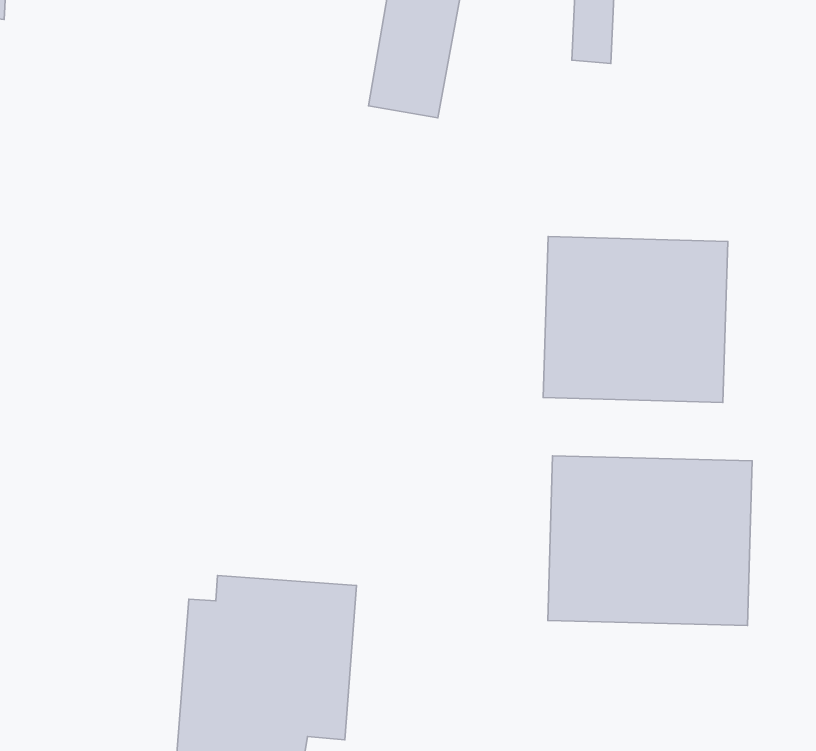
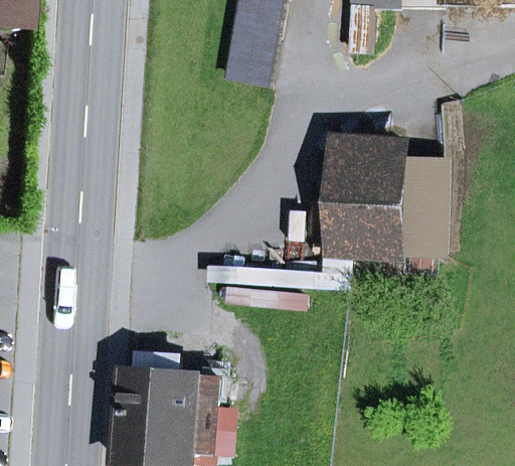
building: [548,456,752,626] -> none

